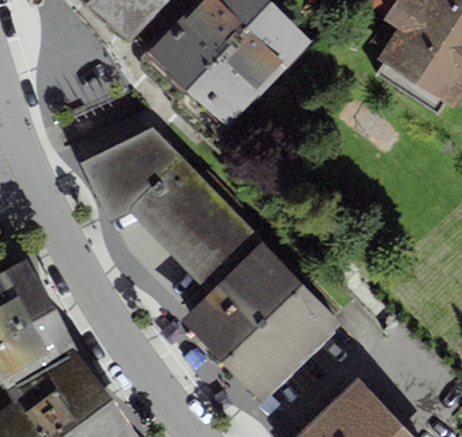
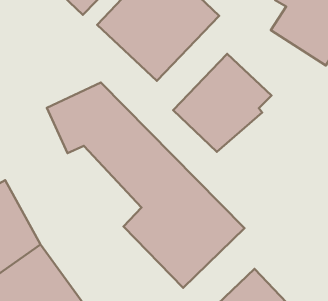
building: none -> [173,54,271,152]

